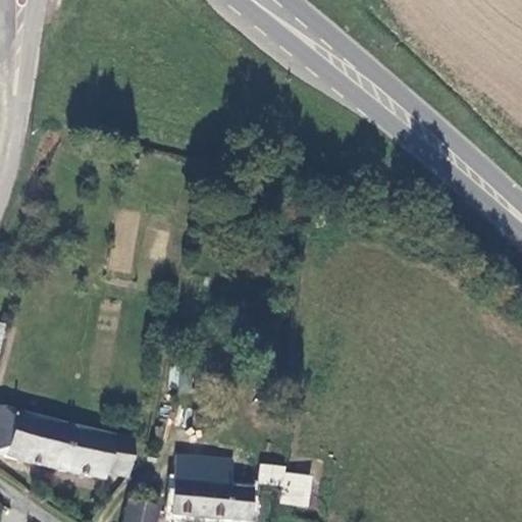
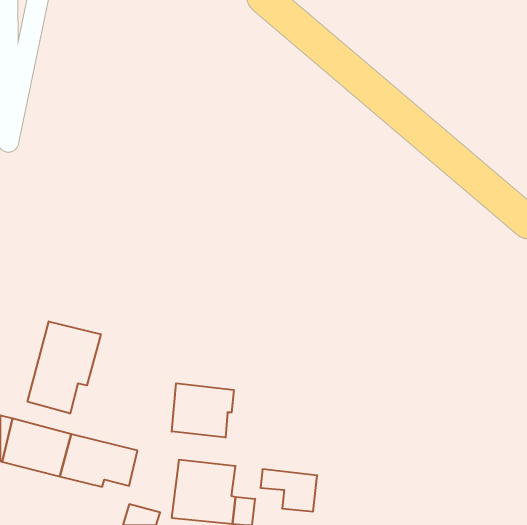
building: none -> [28,321,101,414]
building: none -> [172,383,234,438]

